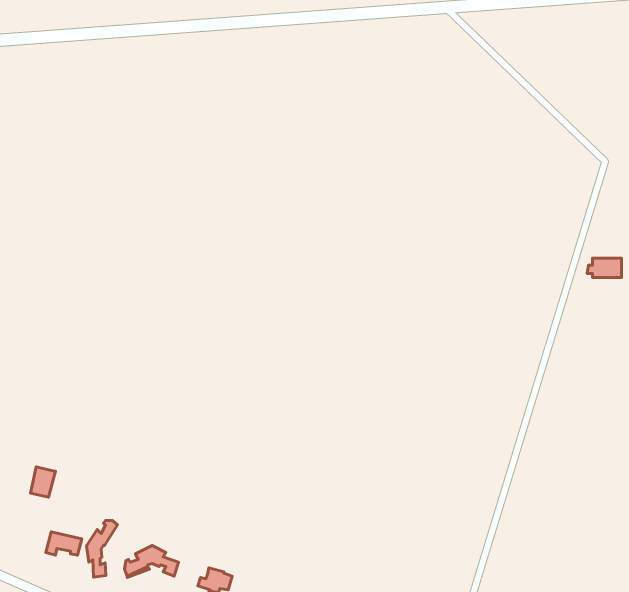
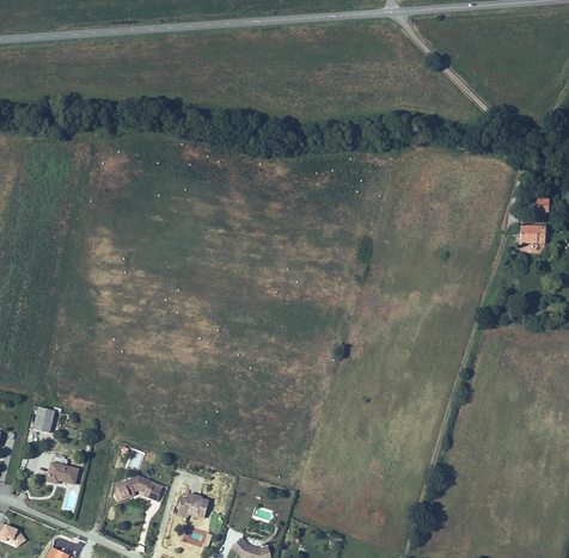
building: [86,520,117,577] -> none

